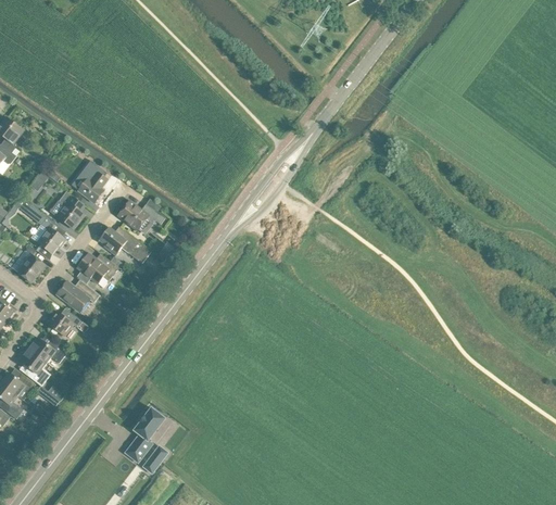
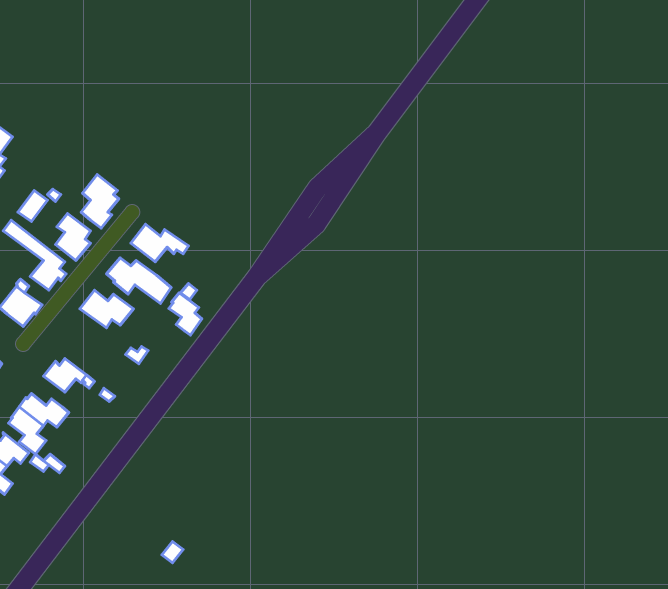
building: none -> [169,293,202,335]
building: [56,281,100,312] -> none
building: [122,411,161,465] -> none

